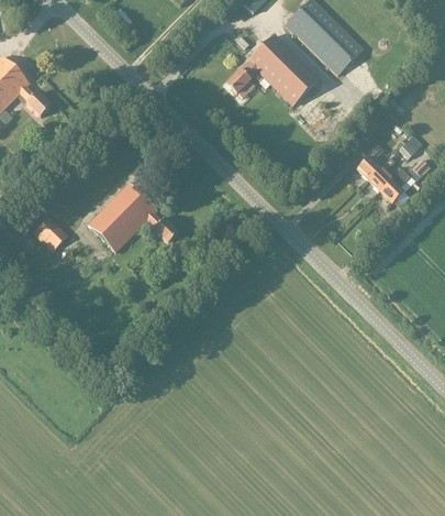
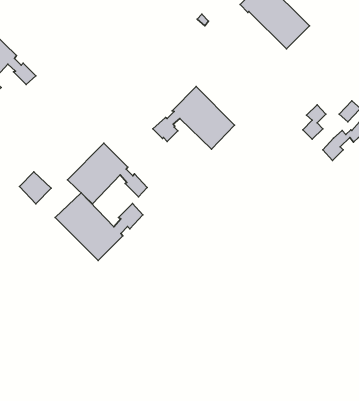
building: [226,34,320,106] -> [153,87,235,149]
building: [368,152,400,190] -> none
building: none -> [55,193,143,261]

